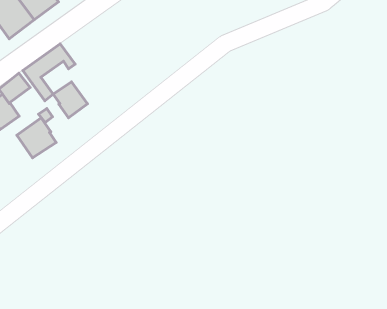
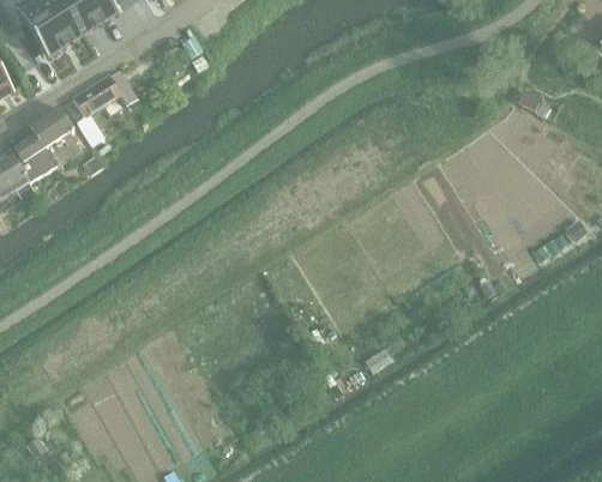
building: [53,82,87,118] -> none
building: [17,118,56,158] -> none

